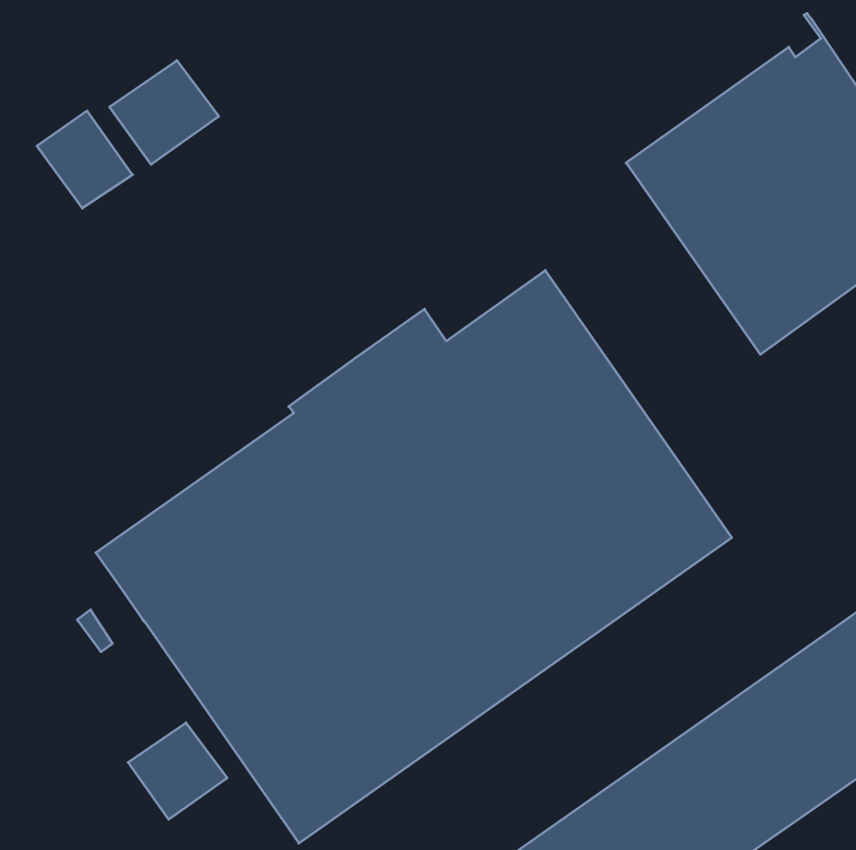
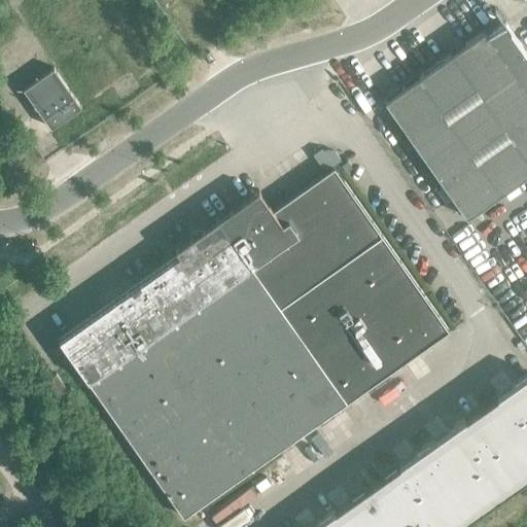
building: [110,60,219,164] -> none
building: [128,723,227,819] -> none

